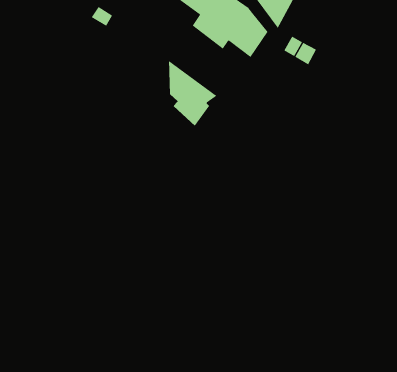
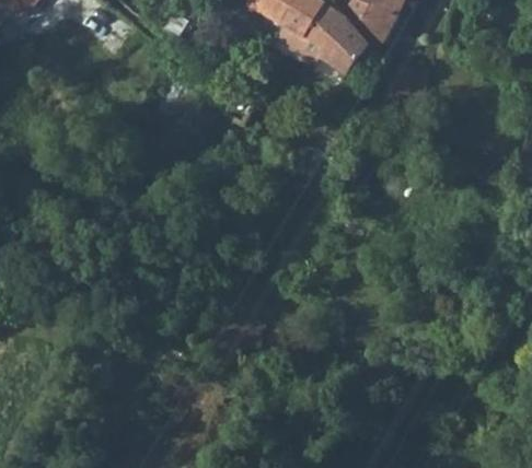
building: [168,60,217,126] -> none

